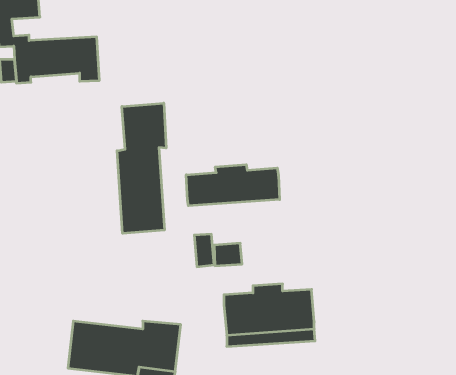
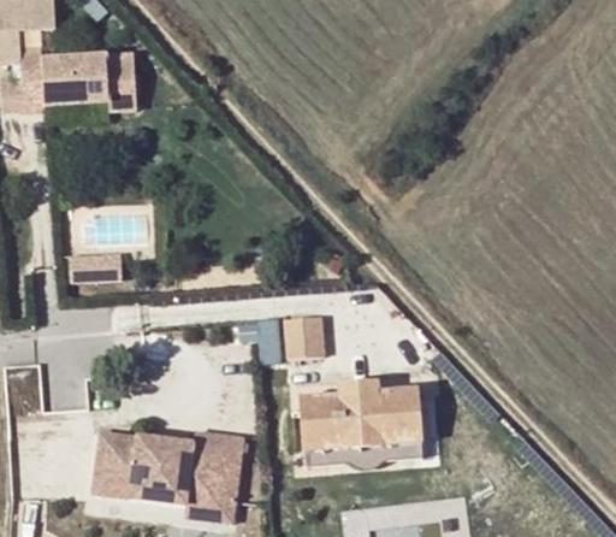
building: [117,103,166,233] -> none
building: [186,165,280,206] -> none
building: none -> [75,248,123,279]

